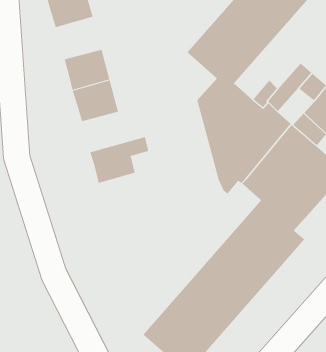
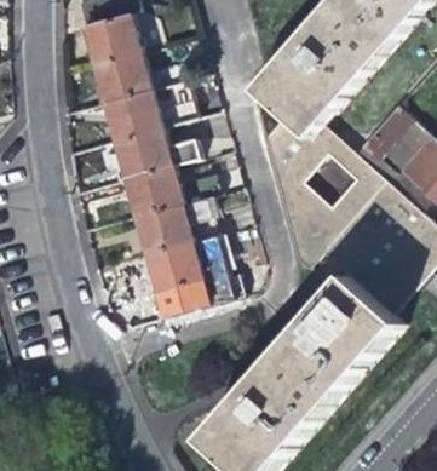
building: none -> [92,46,150,98]
building: none -> [125,163,211,213]
building: none -> [145,232,224,315]

